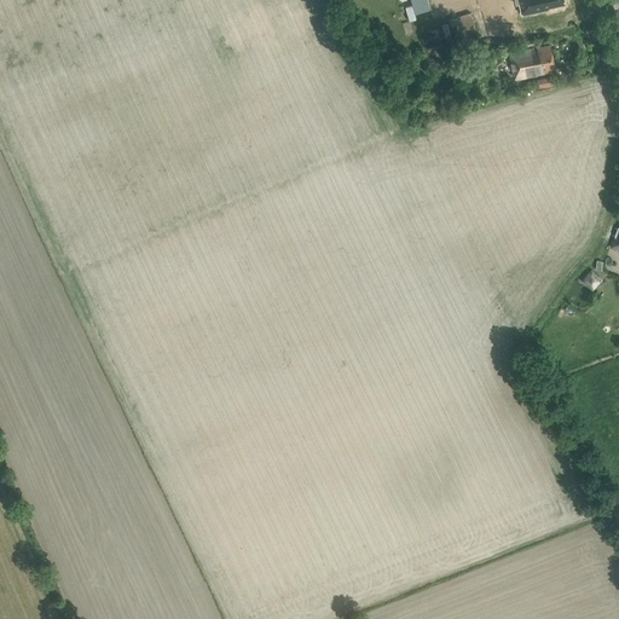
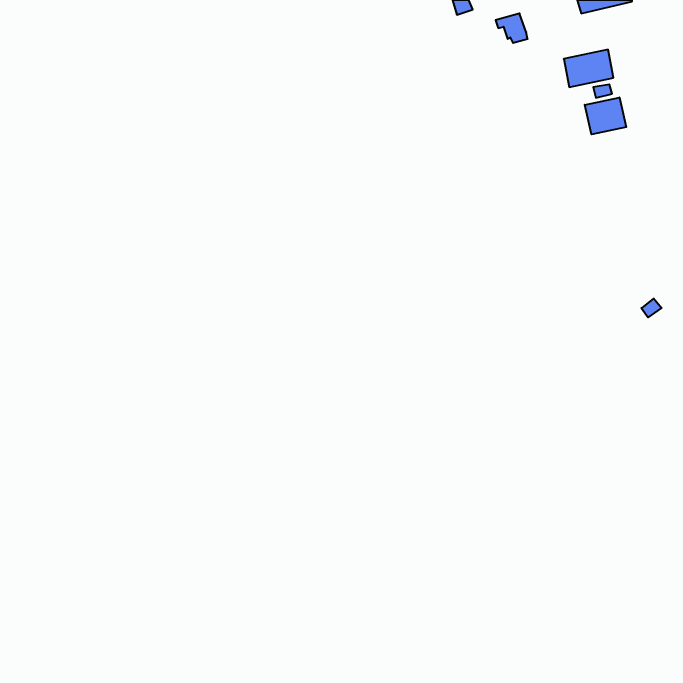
building: none -> [585,97,626,134]

